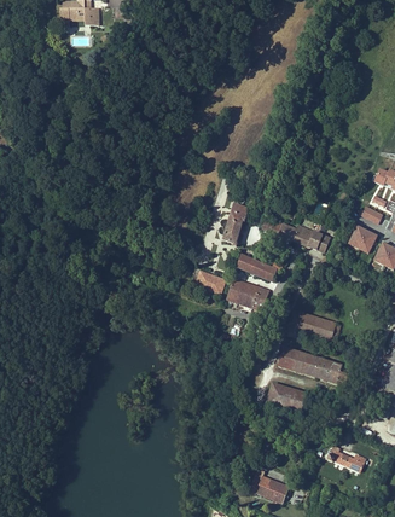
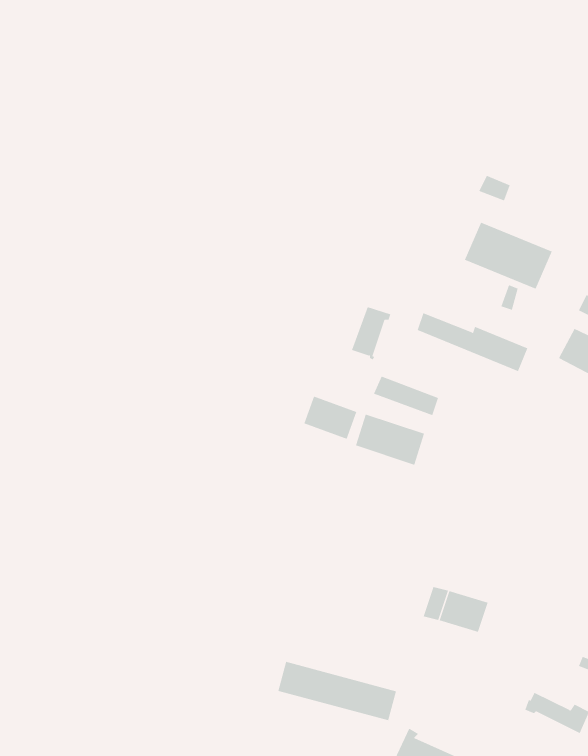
building: none -> [464,222,552,290]
building: [289,309,339,342] -> none
building: [278,348,350,384] -> [278,661,397,721]

